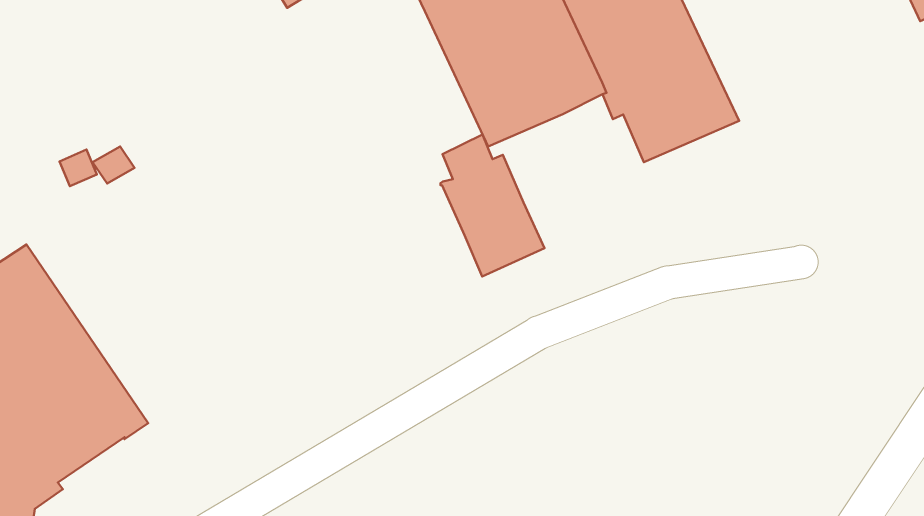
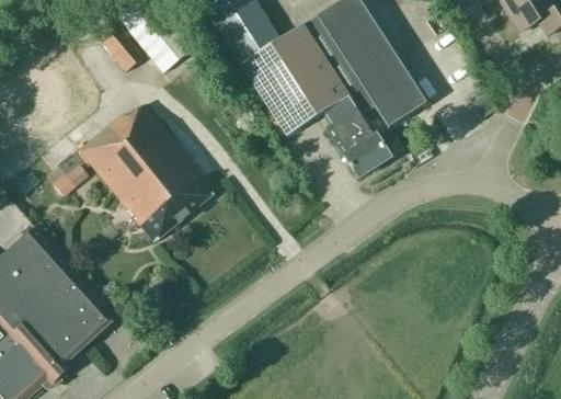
building: none -> [79,103,215,241]
building: [440,134,545,277] -> [325,96,390,176]

